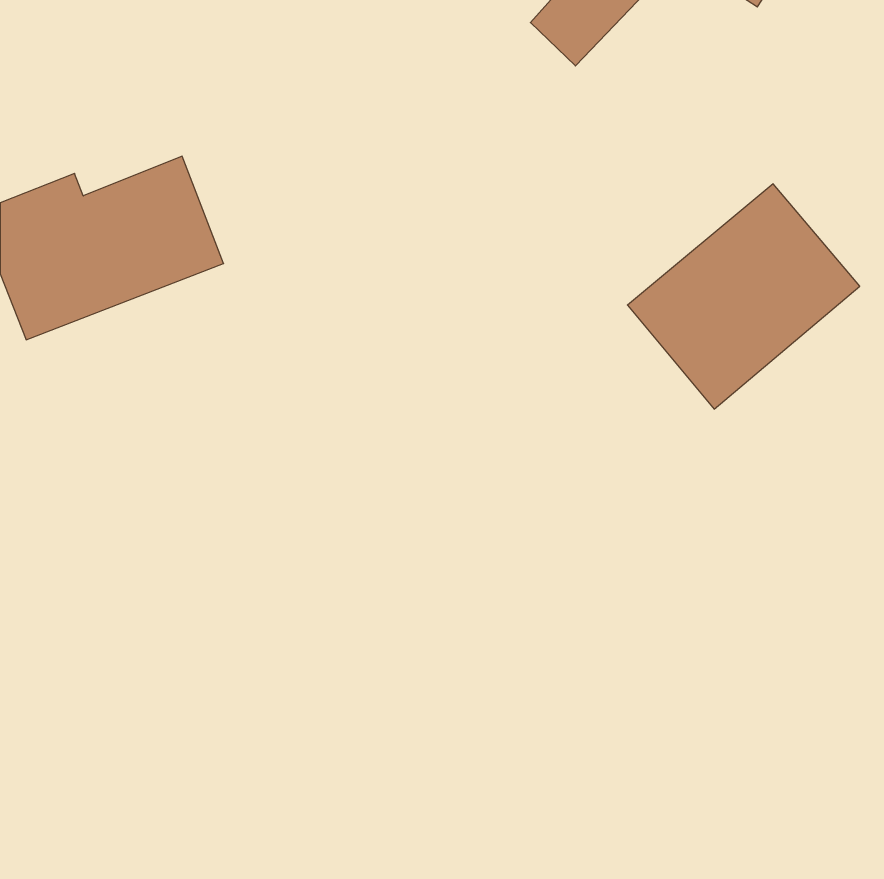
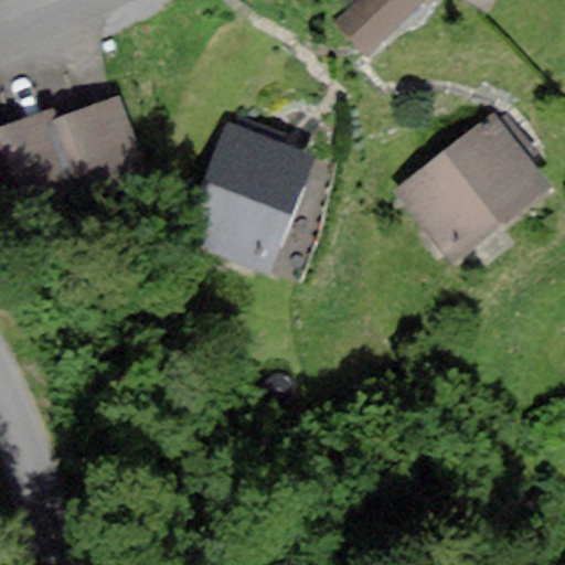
building: none -> [200,127,311,255]

